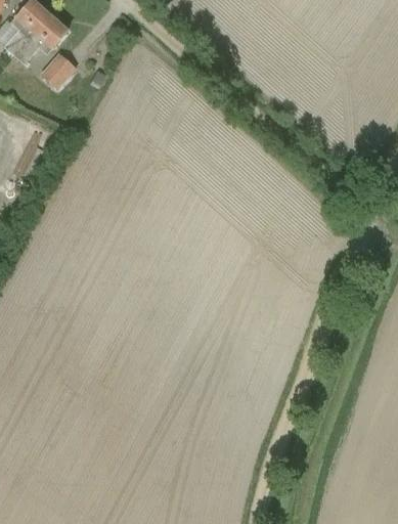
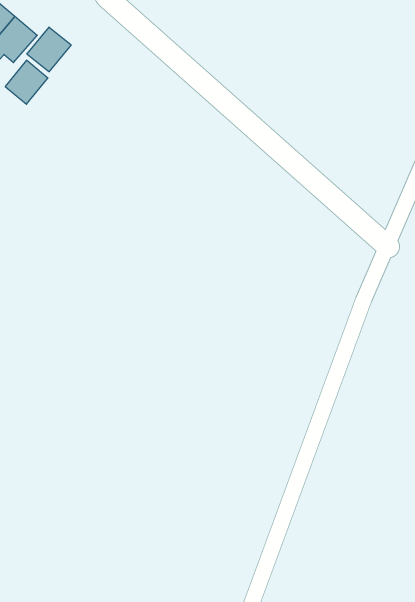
building: none -> [27,27,71,72]

